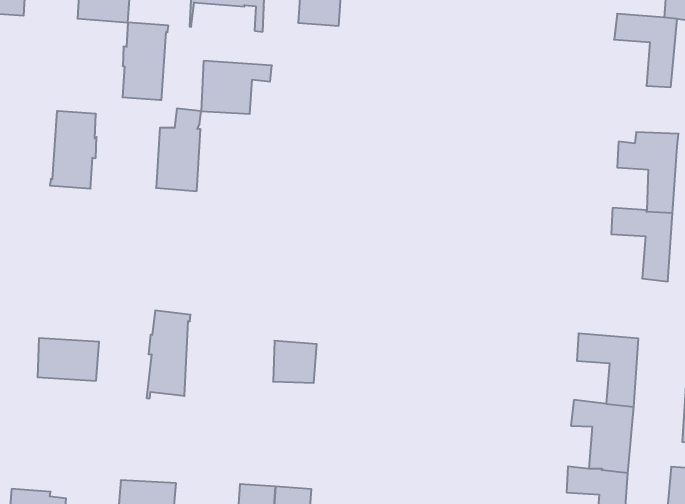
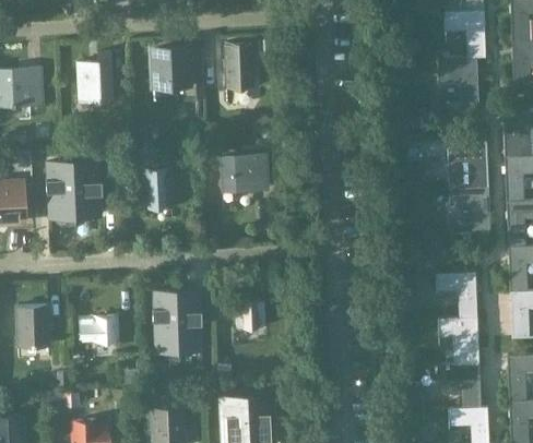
building: [122,23,168,100] -> [45,163,74,214]
building: [201,61,272,114] -> [221,156,266,192]
building: none -> [176,291,201,351]

